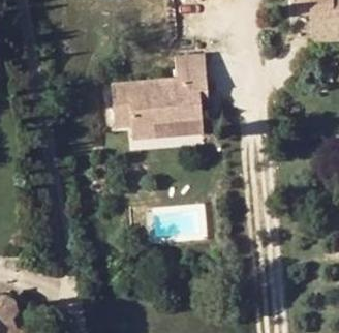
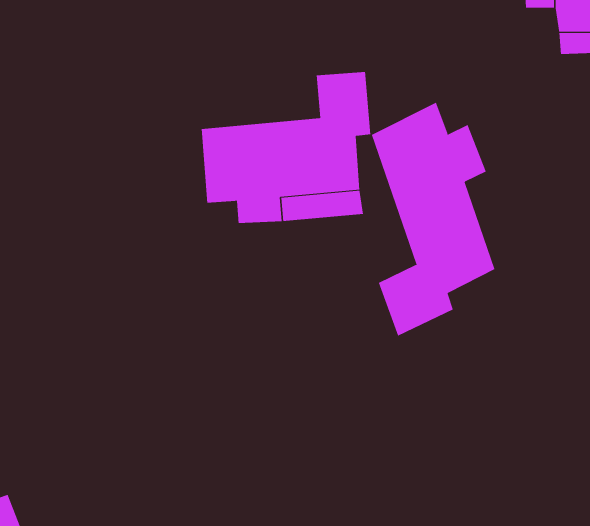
building: none -> [371,102,495,337]

